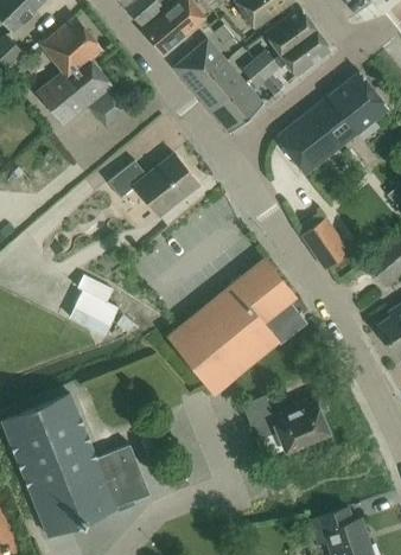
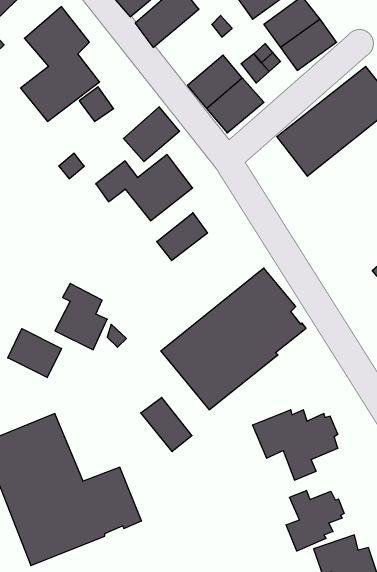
building: [174,39,227,90] -> [123,107,180,162]
building: none -> [157,213,207,261]
building: [301,218,349,269] -> none
building: none -> [8,329,61,378]
building: none -> [141,397,192,452]
building: none -> [286,490,344,551]

